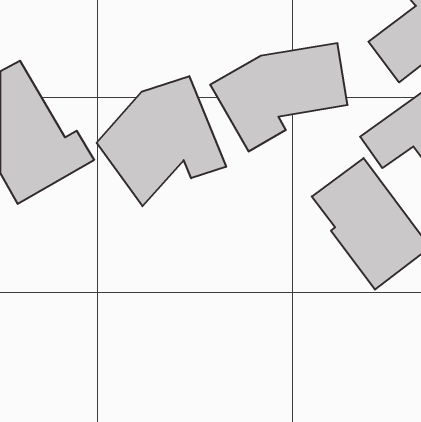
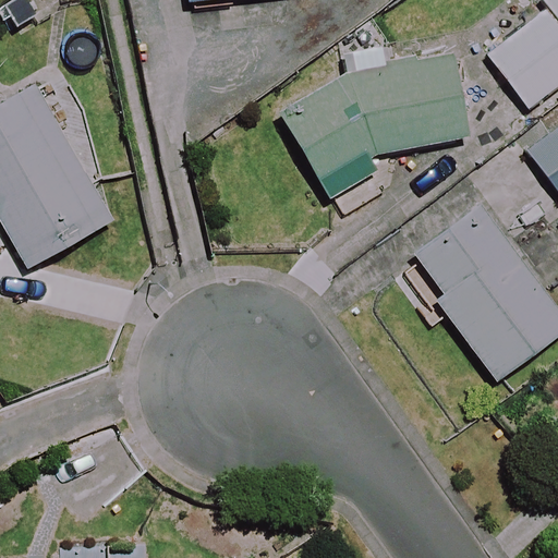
building: [97,76,226,206] -> none

